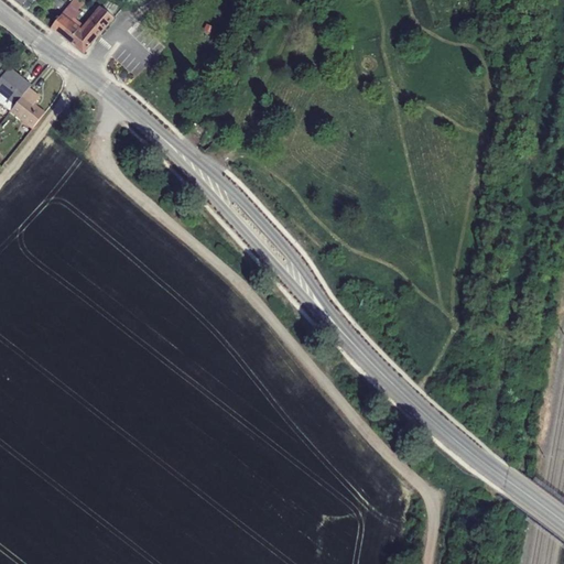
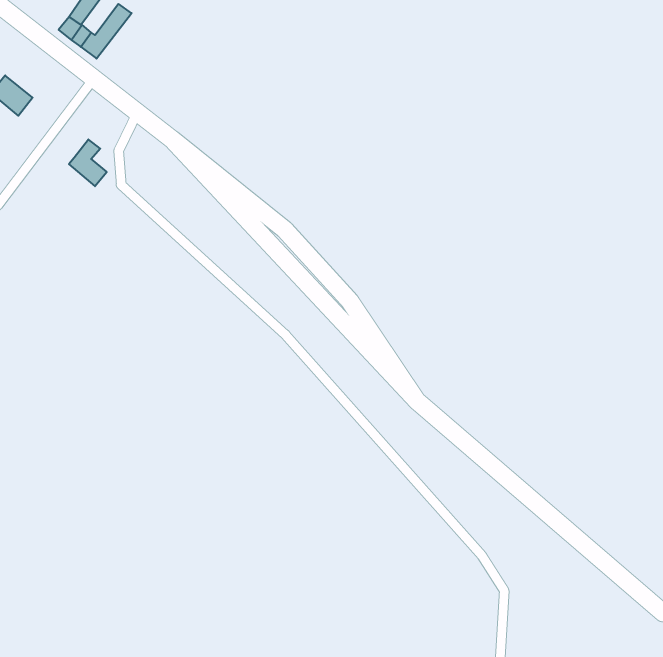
building: [11,83,43,122] -> [69,139,107,186]

